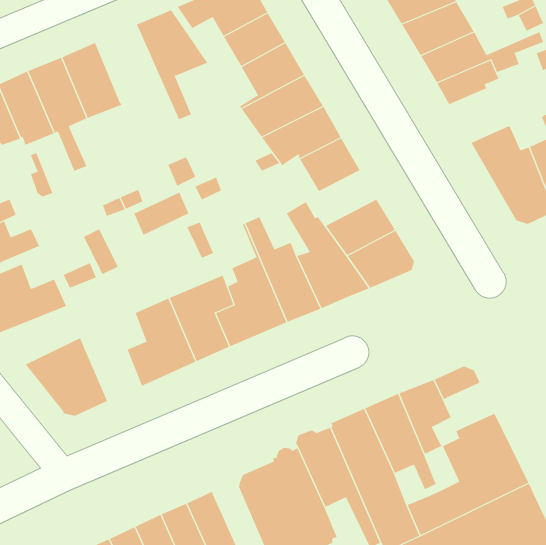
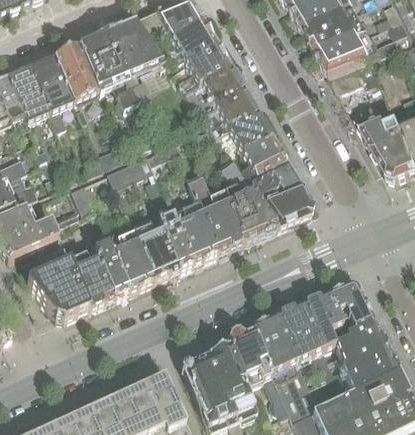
building: none -> [79,29,140,106]
building: none -> [243,136,286,177]
building: none -> [68,241,116,306]
building: none -> [341,293,372,324]

